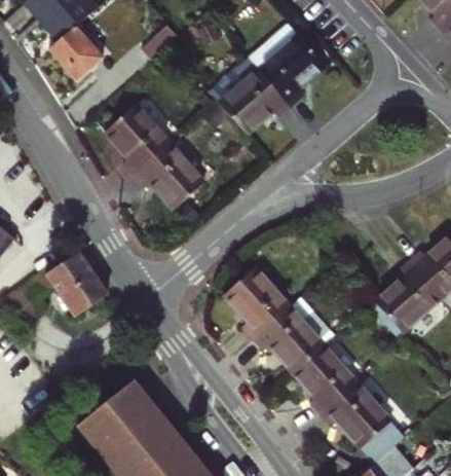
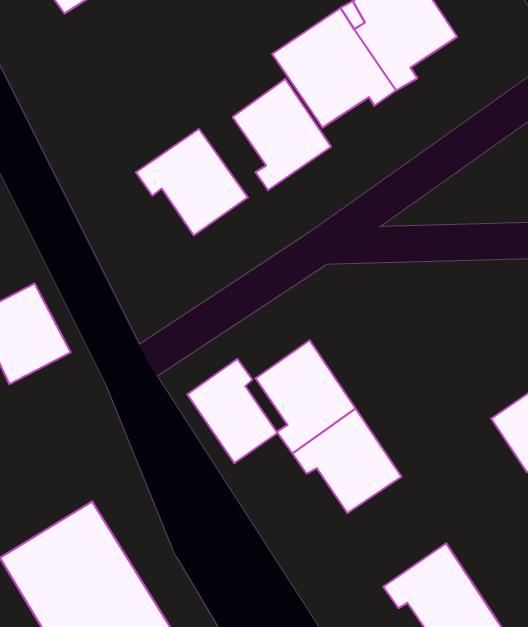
building: [107,104,171,175] -> [233,79,331,190]
building: none -> [187,359,278,463]
building: [293,344,356,414] -> none

